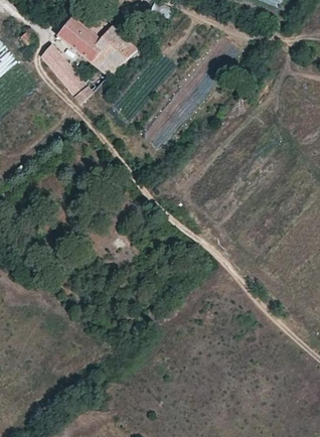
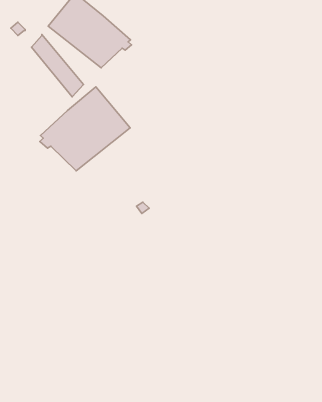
building: none -> [40,87,130,171]

